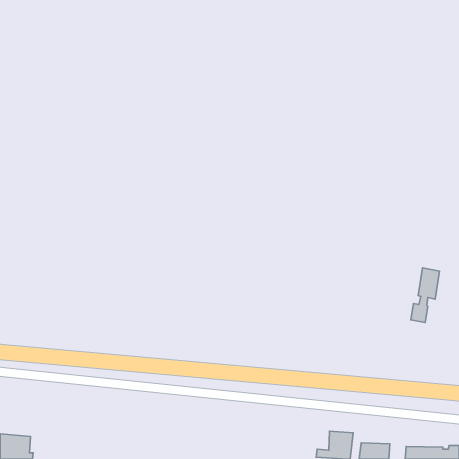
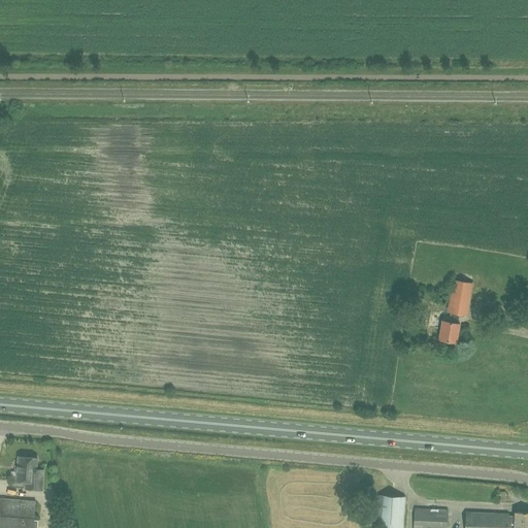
building: [411,268,440,323] -> [439,279,472,342]
building: none -> [16,457,43,490]

